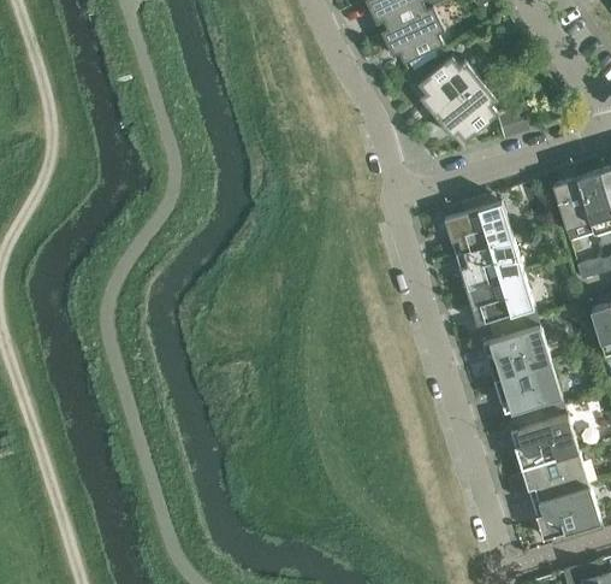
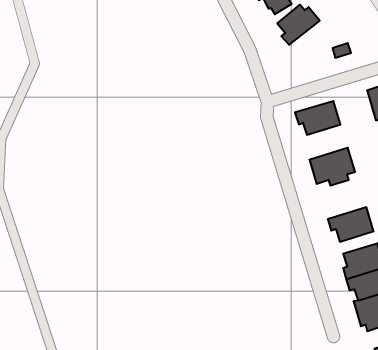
building: [434,79,497,140] -> none
building: [459,235,522,288] -> none
building: [481,318,550,377] -> none

